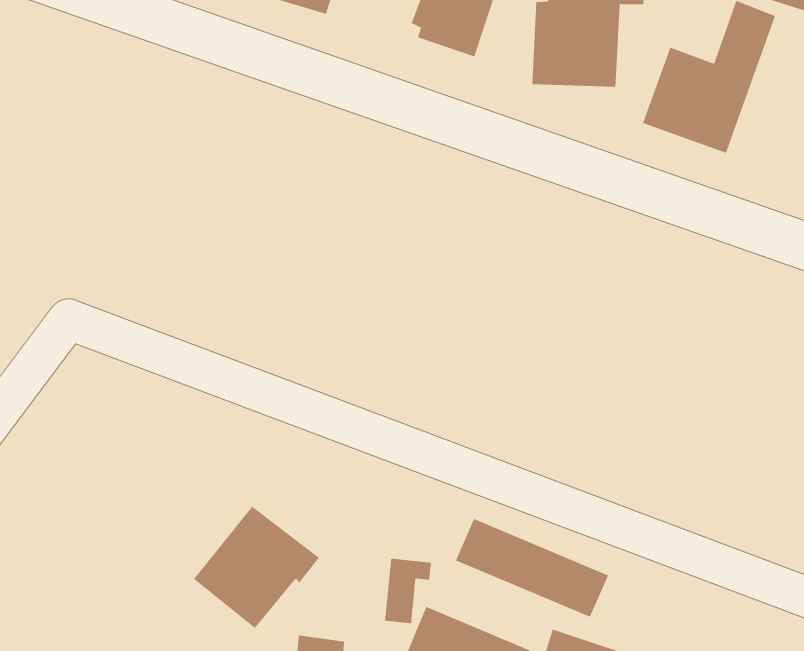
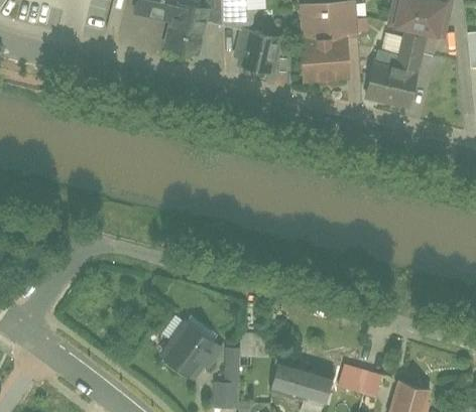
building: [455,518,609,618] -> none
building: [384,558,432,624] -> [225,345,246,377]

